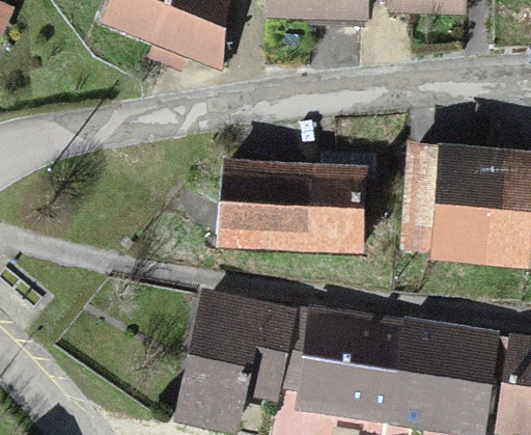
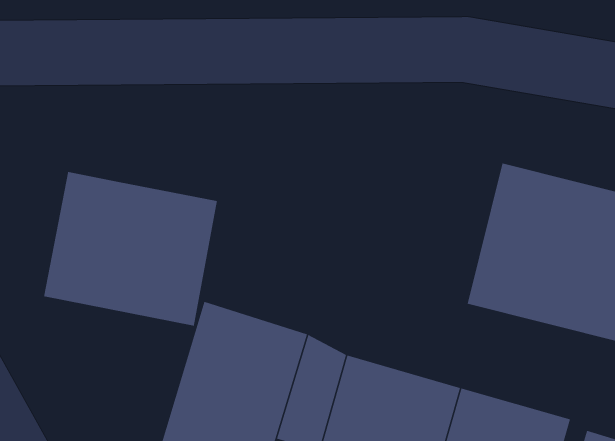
building: [223,164,359,253] -> none
building: none -> [43,171,217,326]

